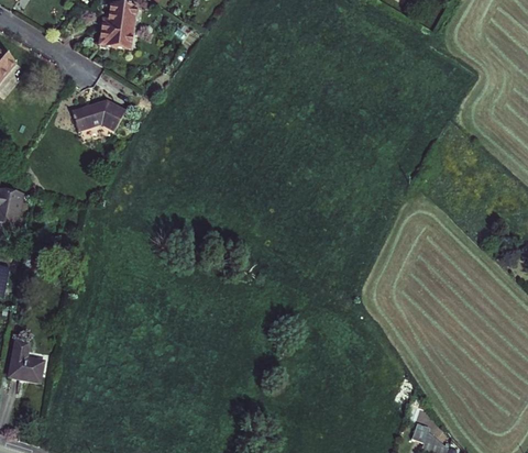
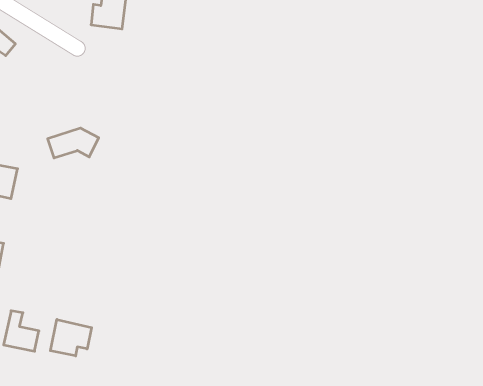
building: [72,97,124,128] -> [48,128,99,158]
building: none -> [50,319,92,356]

